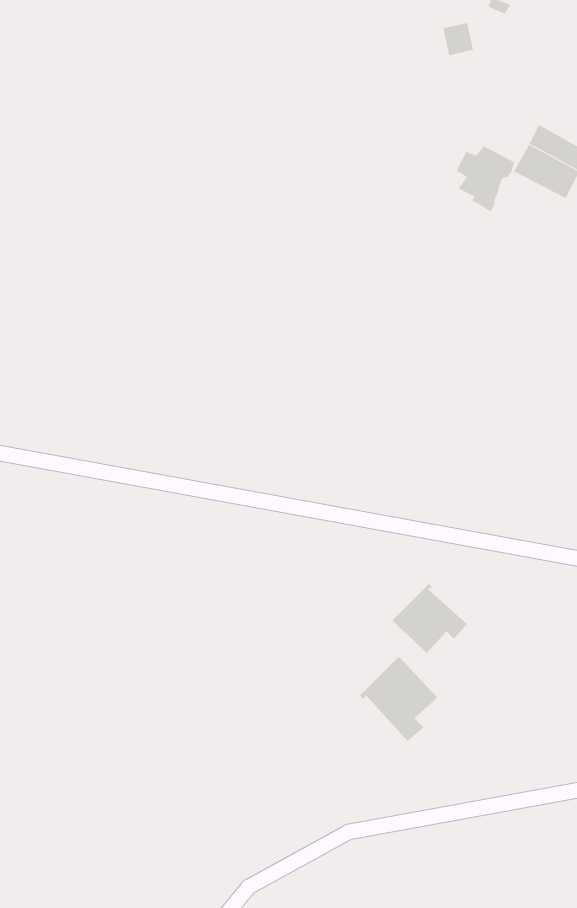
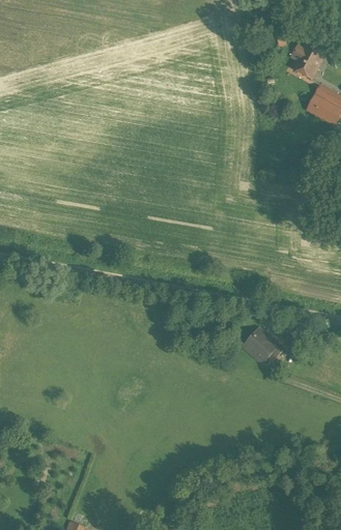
building: [456,145,517,212] -> [292,41,324,77]
building: [359,656,438,742] -> none

